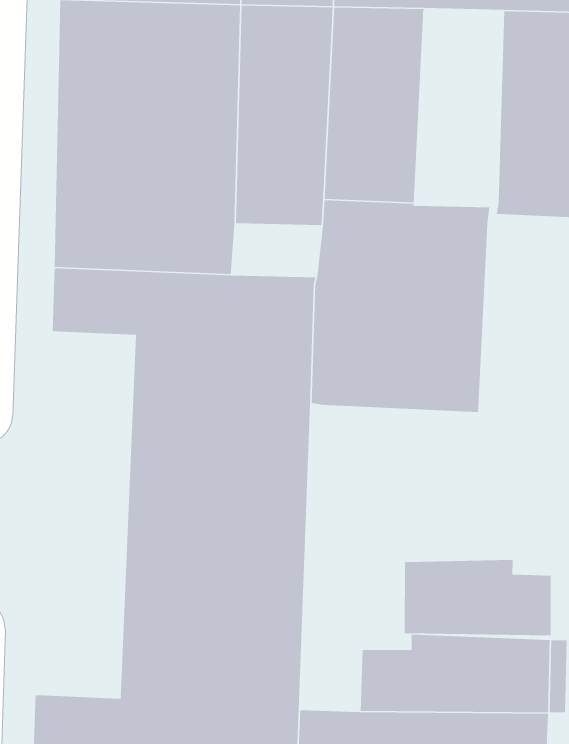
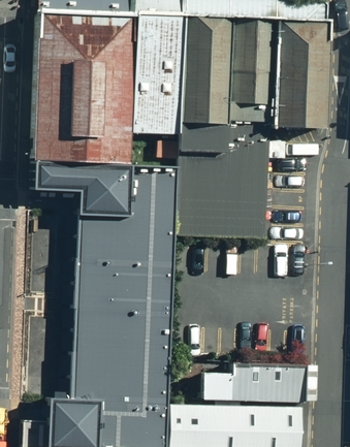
building: none -> [230,20,279,126]
building: [404,559,551,636] -> none

